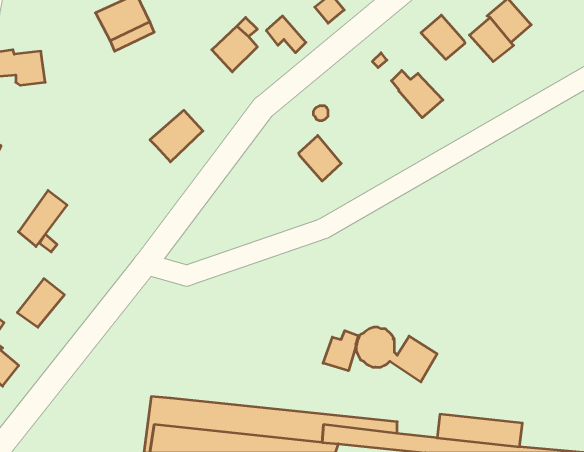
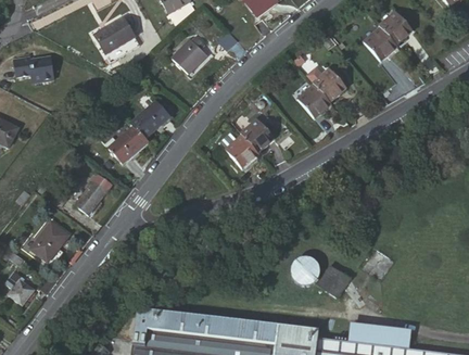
building: [421,15,465,59] -> [300,87,332,119]
building: none -> [110,126,150,166]
building: none -> [226,134,258,166]
building: [18,190,67,247] -> [73,170,109,212]
building: [323,331,358,371] -> none

